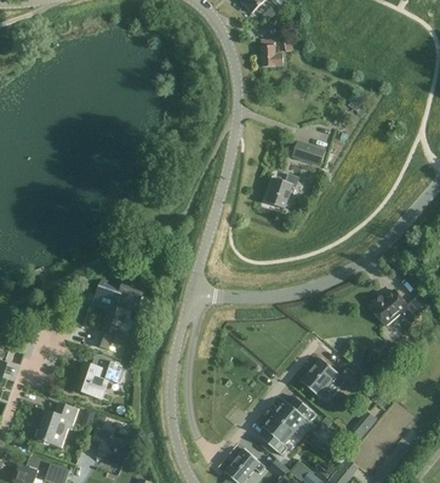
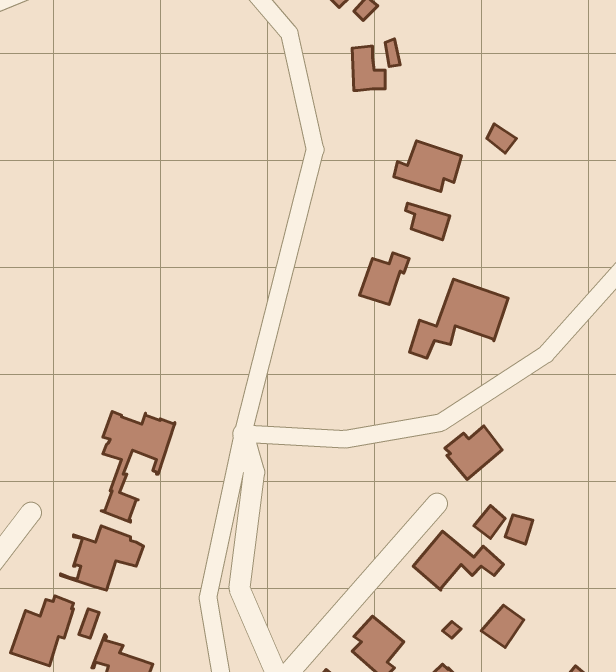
building: none -> [394,141,461,191]
building: none -> [410,279,508,358]
building: [370,290,407,325] -> [445,426,502,479]
building: [274,397,316,431] -> none

